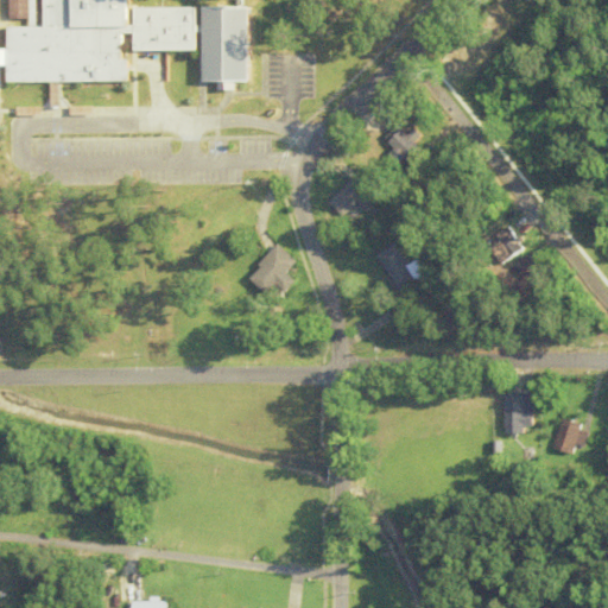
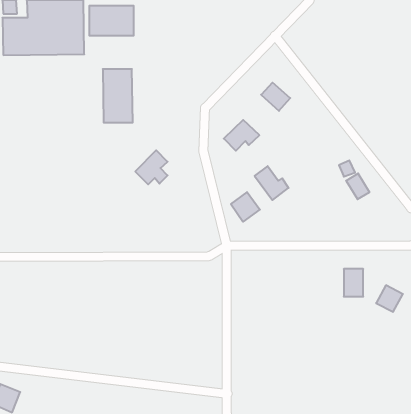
building: [201,5,245,83] -> [103,69,133,123]
building: [246,246,293,296] -> [135,150,168,184]
building: none -> [231,192,260,222]

